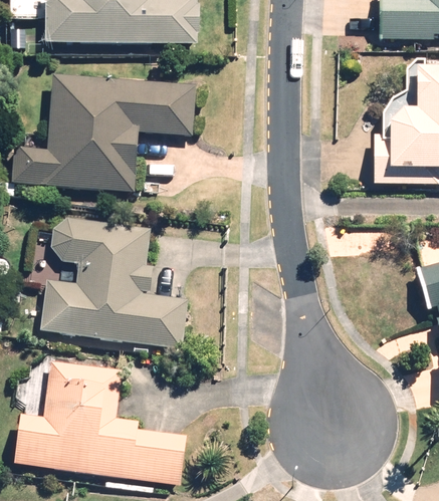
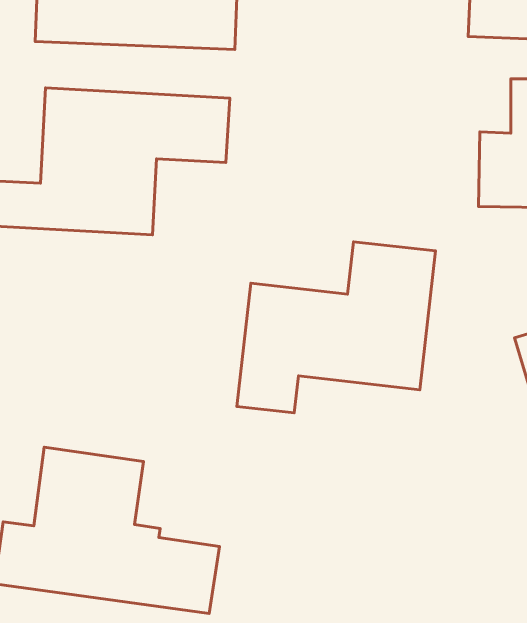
building: none -> [237,242,435,413]
building: [40,219,188,347] -> none

